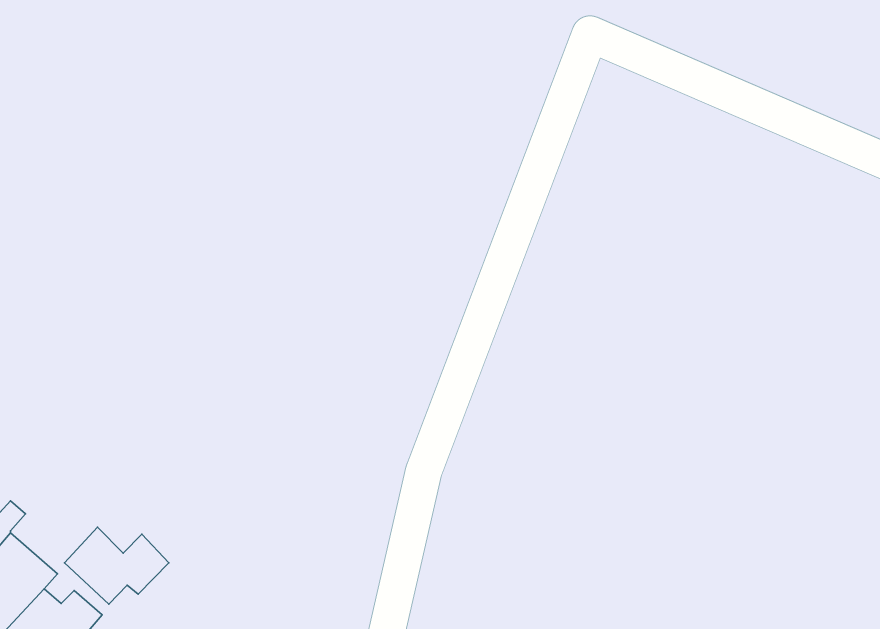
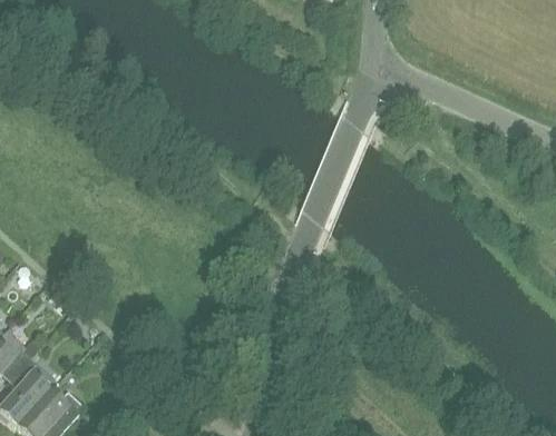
building: [64,527,169,604] -> none

